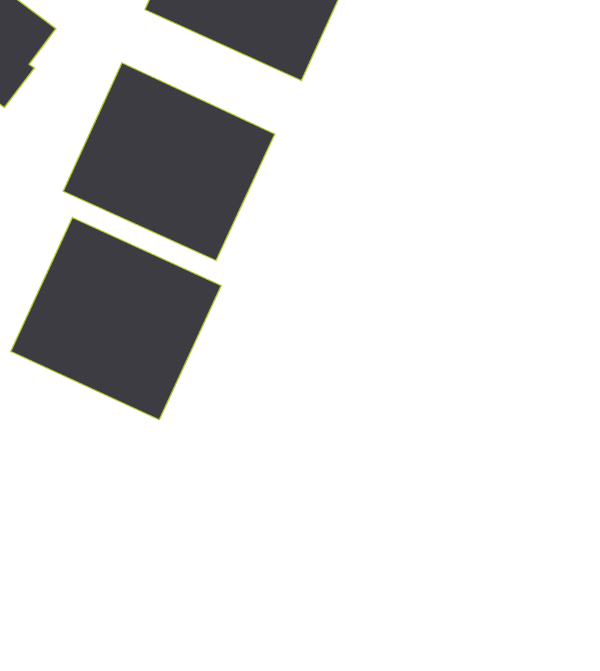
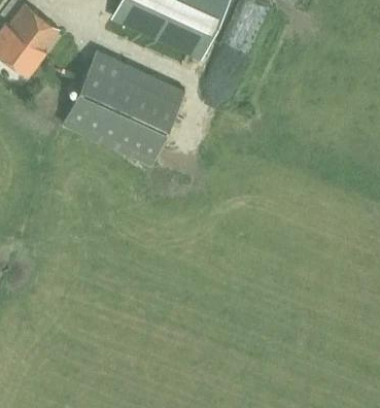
building: [11,217,221,420] -> none

